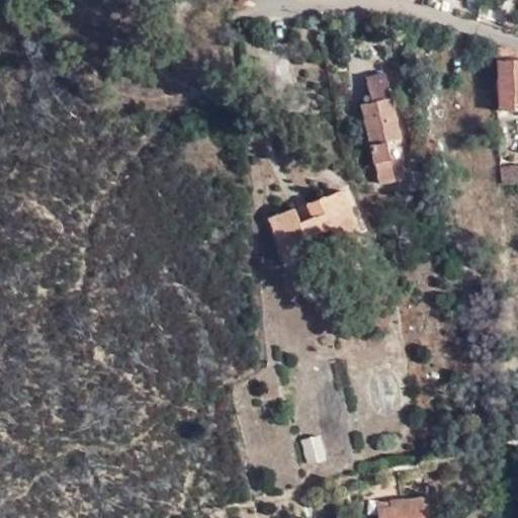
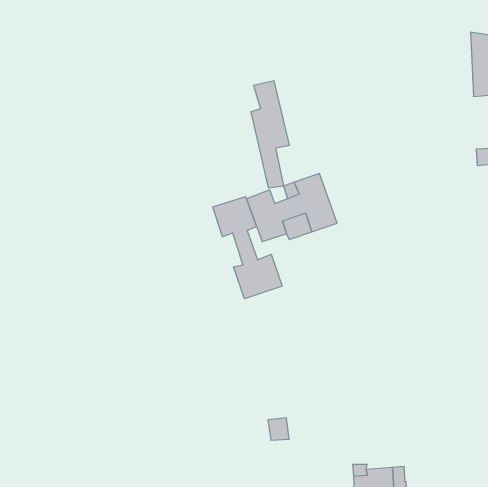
building: [360,70,401,181] -> [251,81,290,188]
building: none -> [213,197,282,299]

